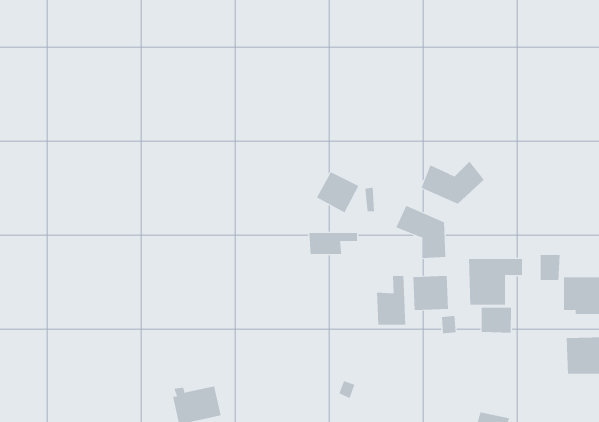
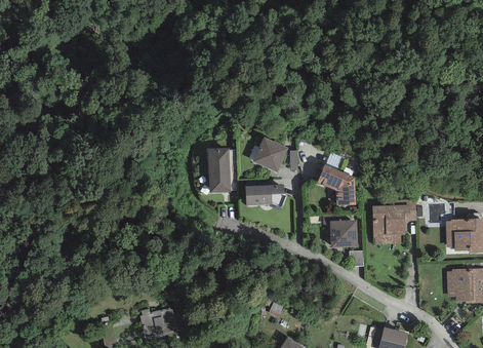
building: [421,161,484,204] -> none
building: none -> [207,148,229,193]
building: [377,275,406,325] -> none
building: [481,307,512,333] -> none

